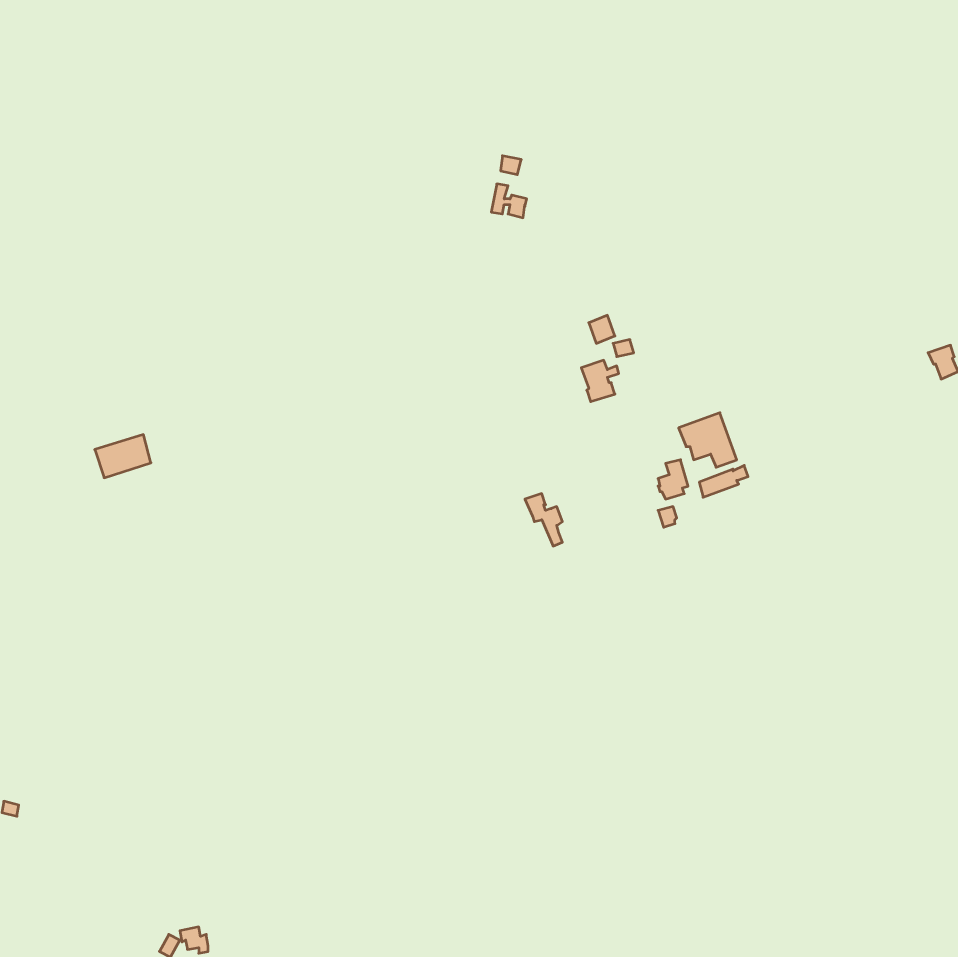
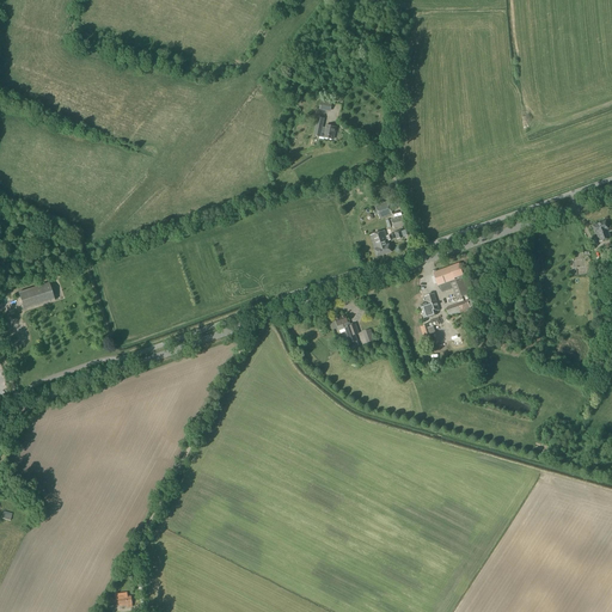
building: [95,435,151,478] -> [18,282,54,310]

